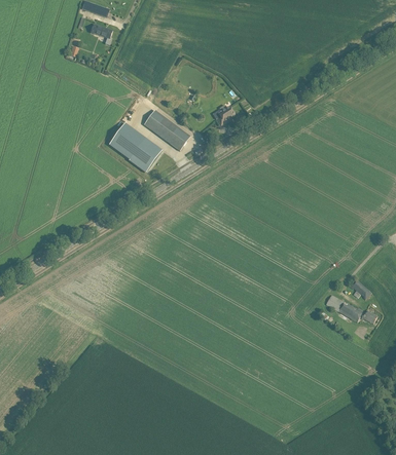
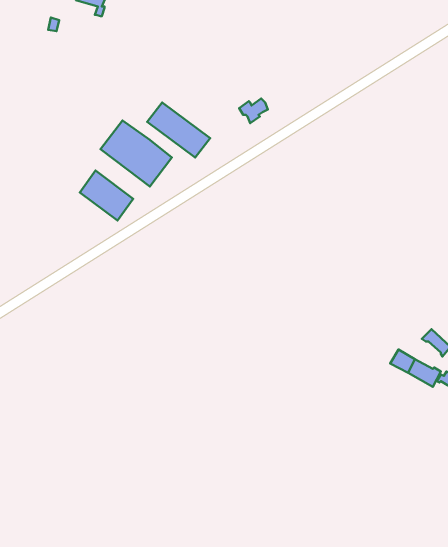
building: none -> [80,170,133,221]

